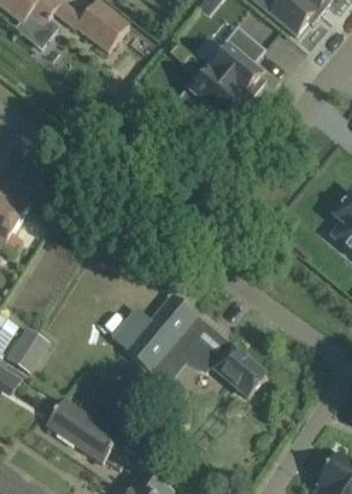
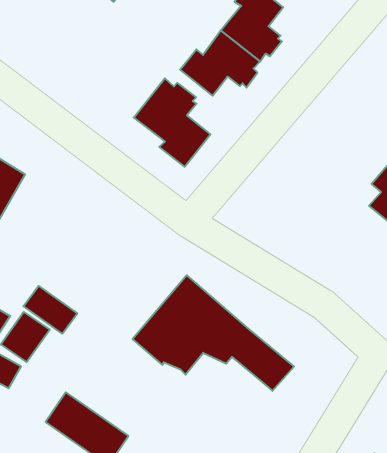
building: none -> [134,78,210,167]
building: none -> [23,286,77,334]

